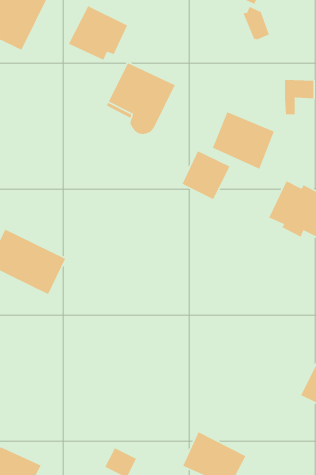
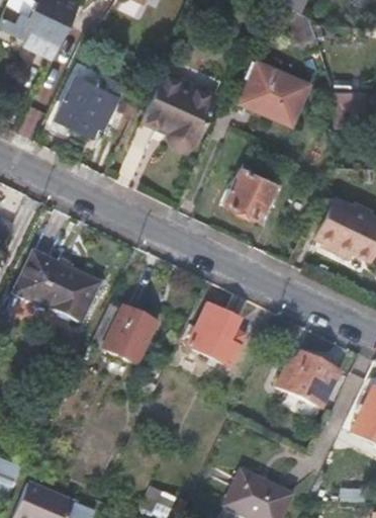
building: [68,5,128,61] -> [54,77,118,137]
building: [212,111,275,170] -> [241,63,308,125]
building: none -> [186,303,242,366]
building: none -> [92,304,158,364]
building: none -> [275,351,341,410]

